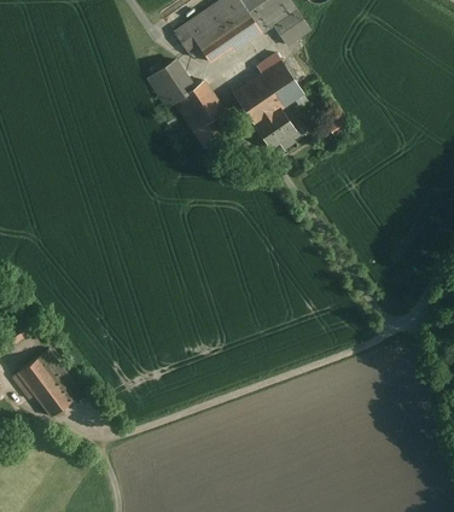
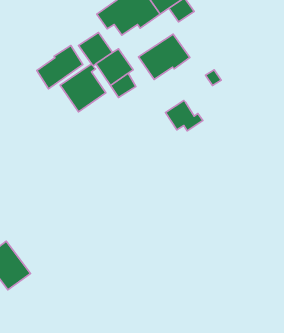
building: none -> [37,45,83,89]
building: none -> [60,64,106,112]
building: [252,106,304,149] -> [165,100,203,131]

